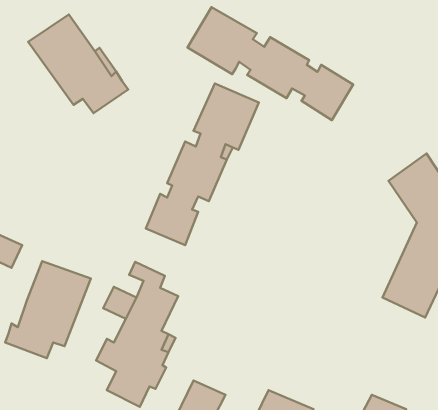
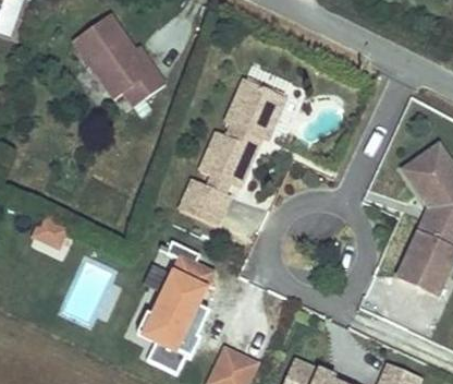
building: [187,7,353,120] -> none
building: [5,261,91,358] -> none

